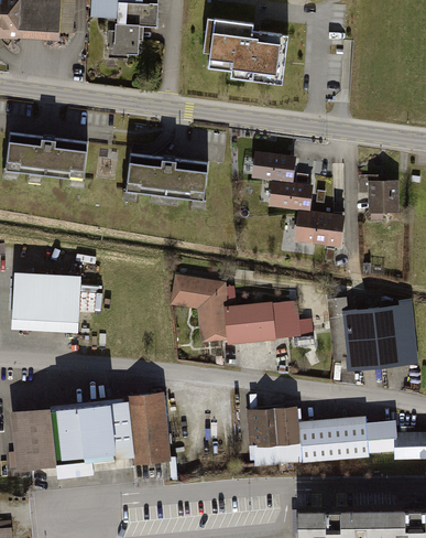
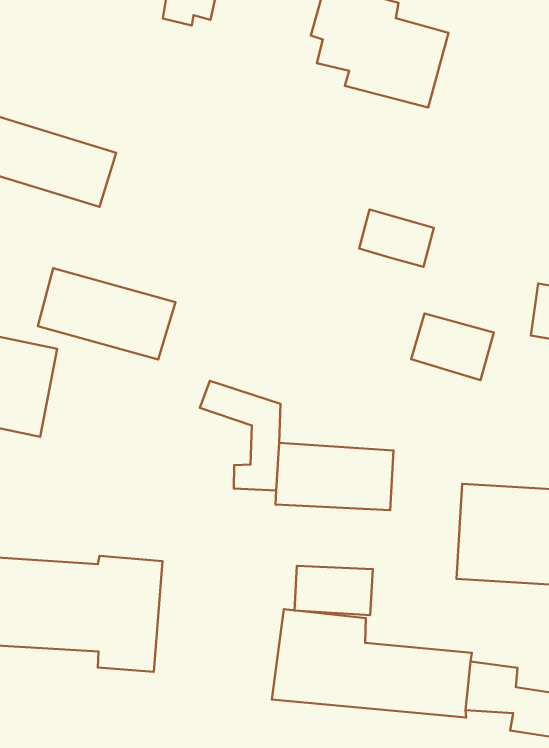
building: [130,154,212,200] -> [38,268,175,360]
building: [270,180,315,209] -> none
building: none -> [295,566,373,615]

